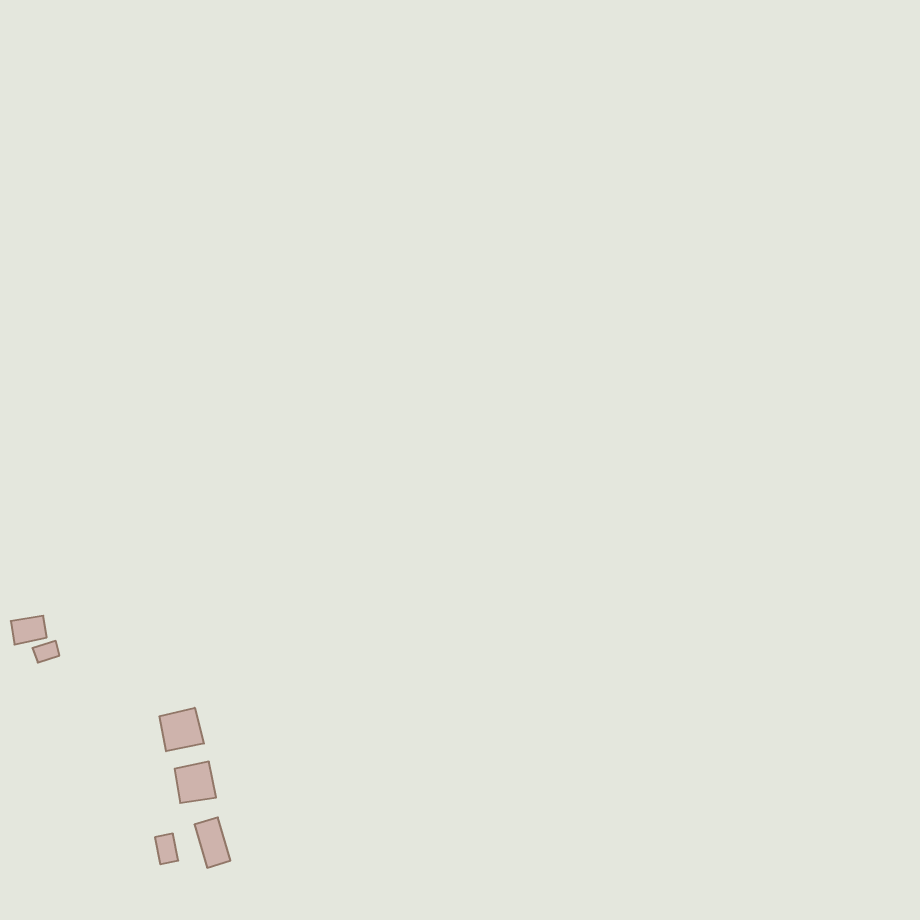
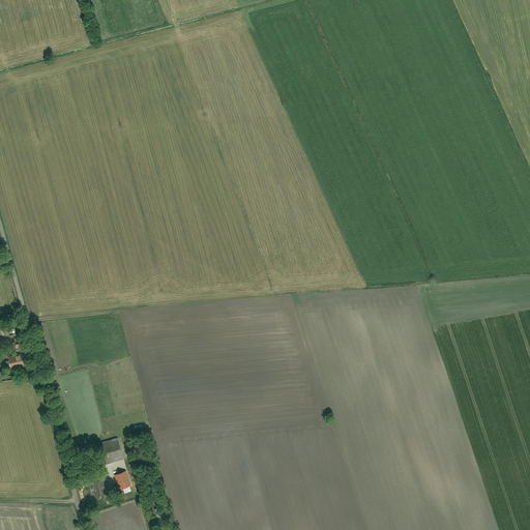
building: [159,708,204,751] -> none

